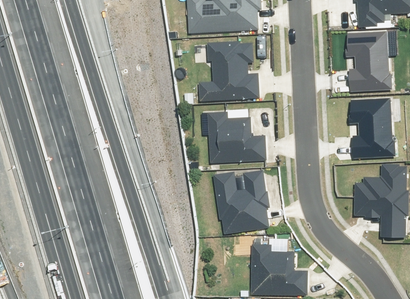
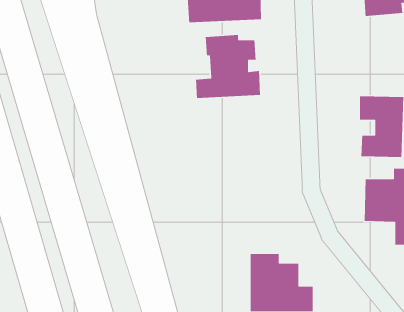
building: [343,34,384,91] -> none
building: [208,112,263,160] -> none
building: [209,168,274,235] -> none

